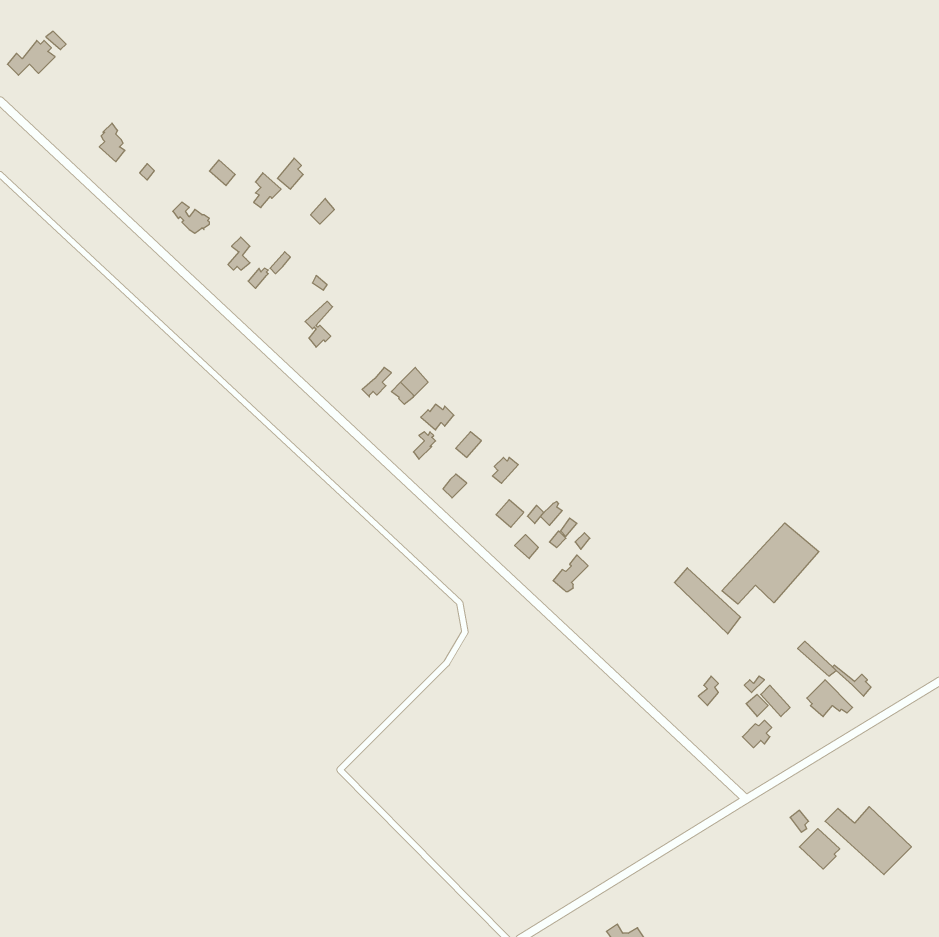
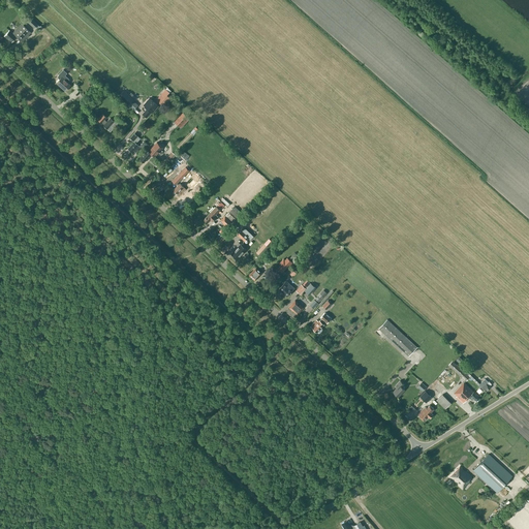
building: [722,523,819,604] -> none

